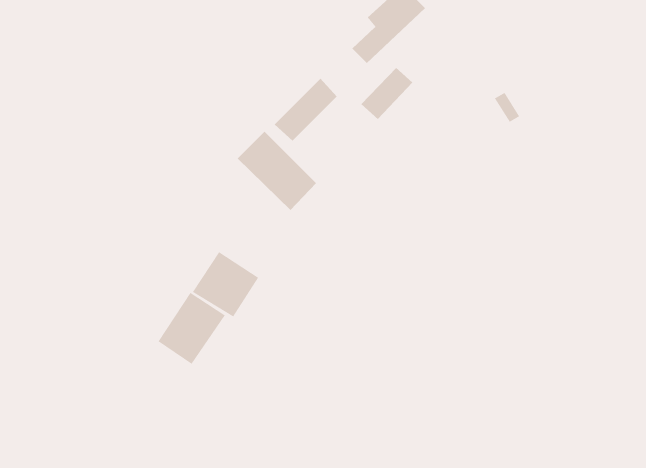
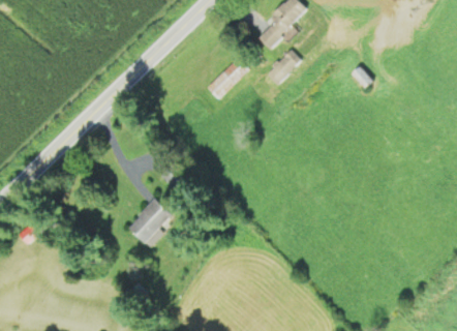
building: [237,131,317,211] -> none
building: [192,251,259,318] -> none

